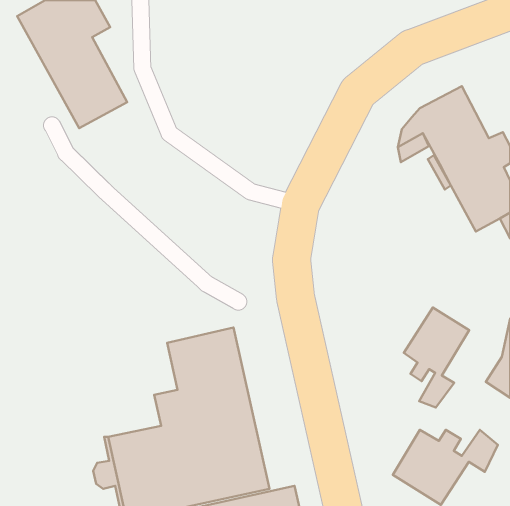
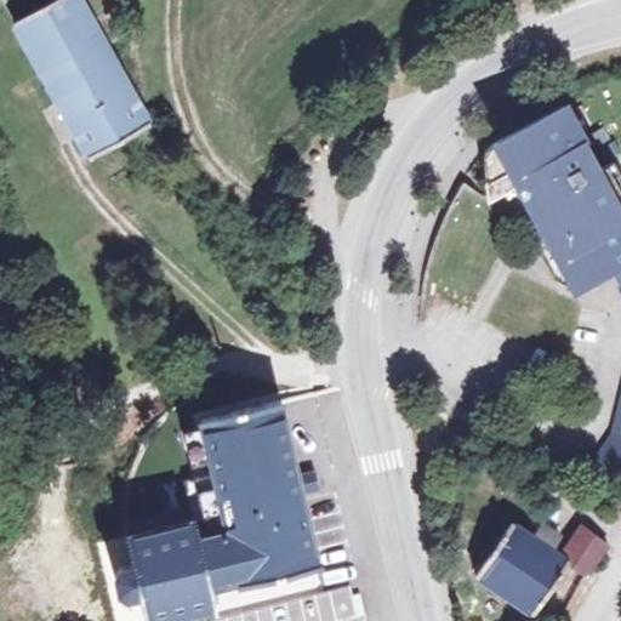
building: [404,308,469,408] -> none

